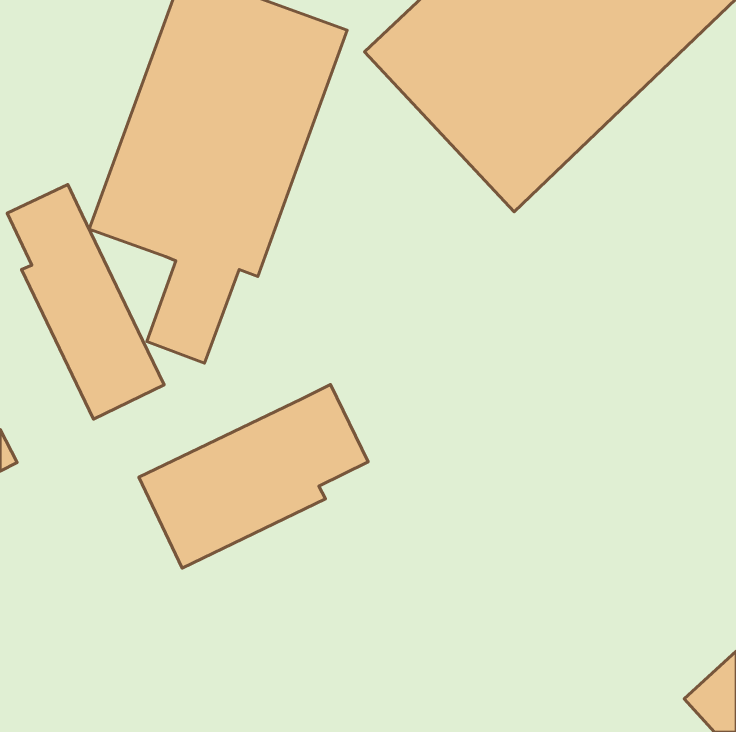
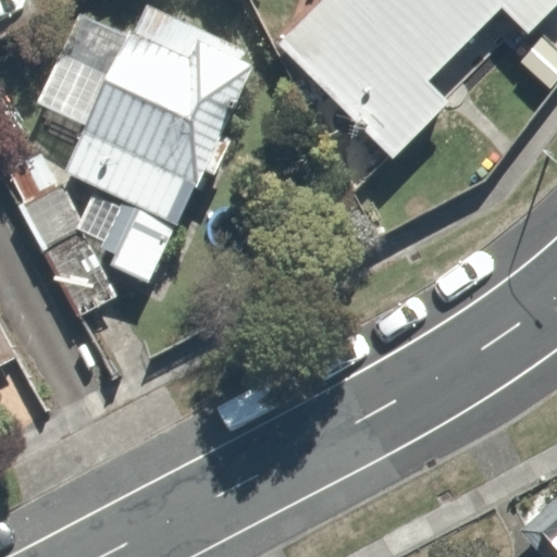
building: [139,385,368,568] -> none

